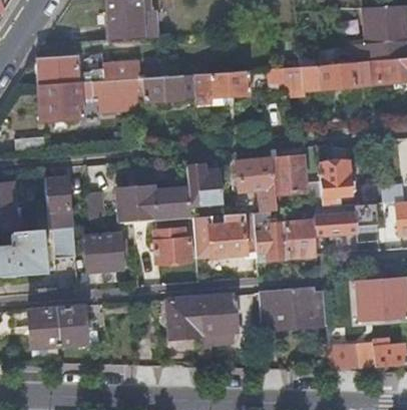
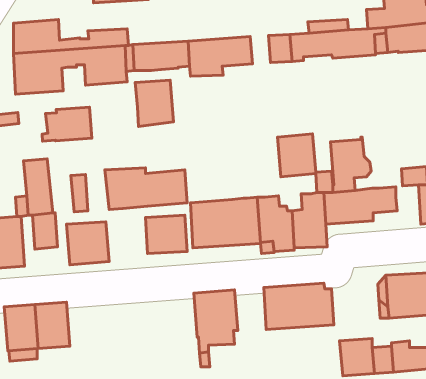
building: none -> [42,107,92,141]
building: [238,159,276,213] -> none
building: [187,164,222,206] -> [135,80,174,126]
building: [166,298,200,340] -> none

